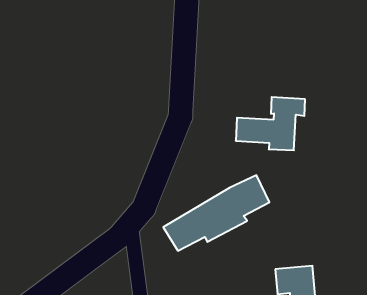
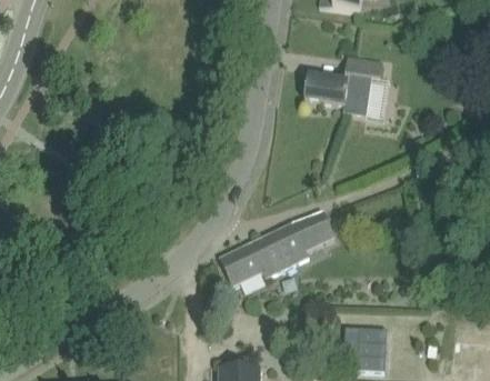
building: [236,97,305,150] -> [304,57,382,116]

